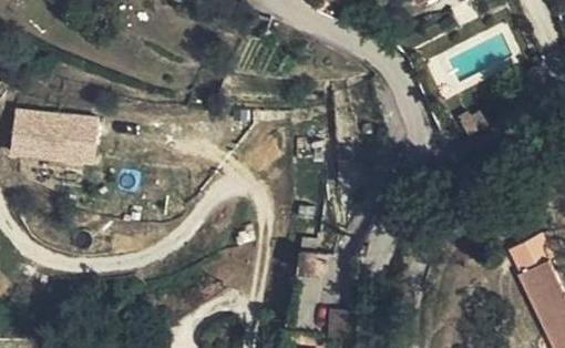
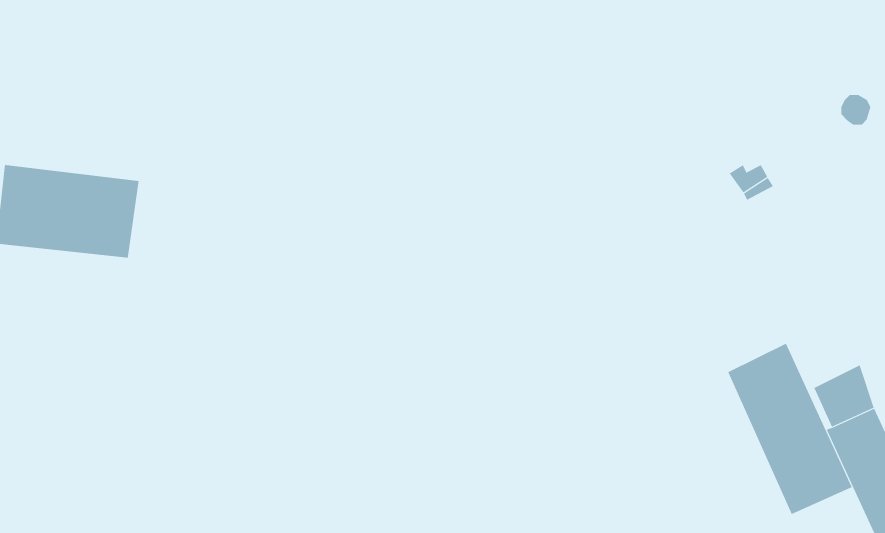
building: none -> [728,343,853,515]

